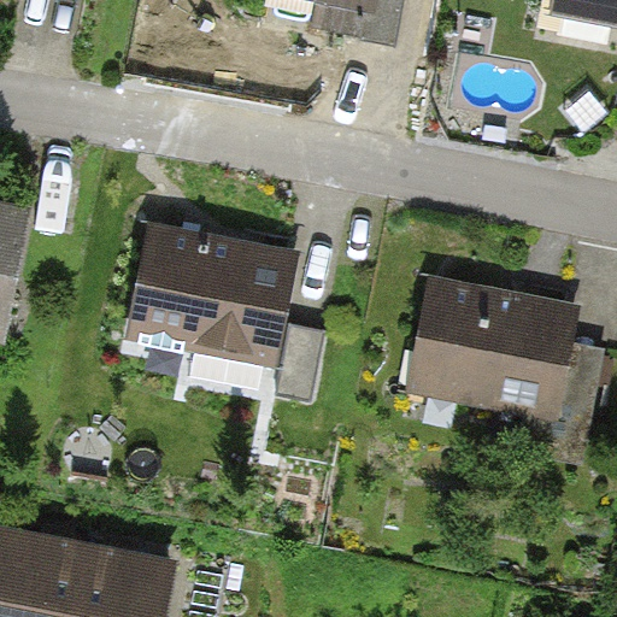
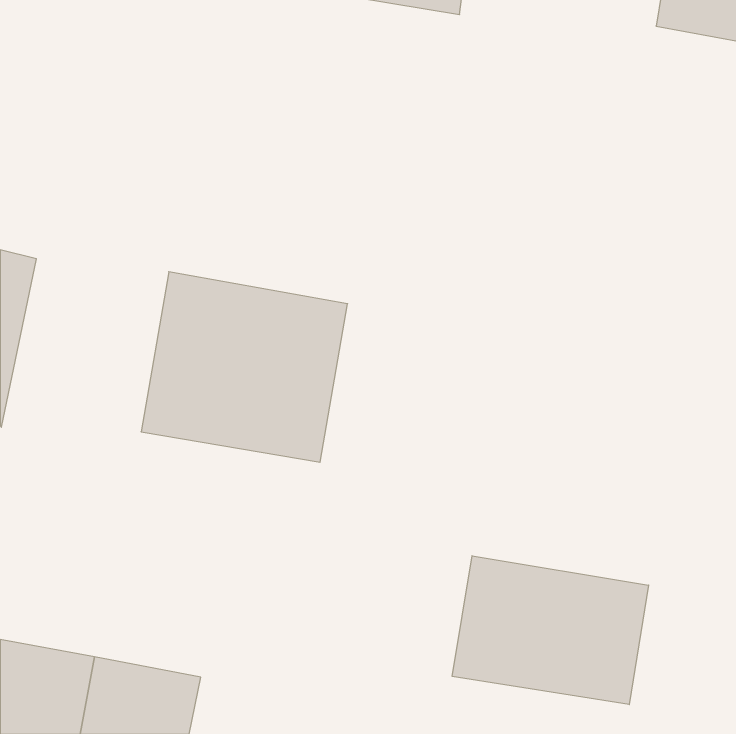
building: [410,277,583,424] -> none
building: none -> [452,556,649,705]

